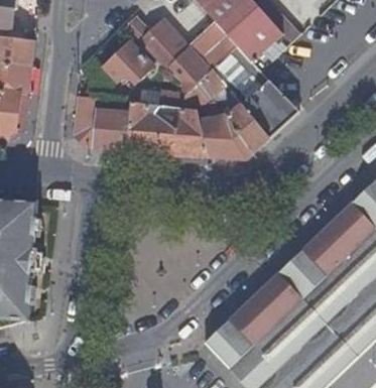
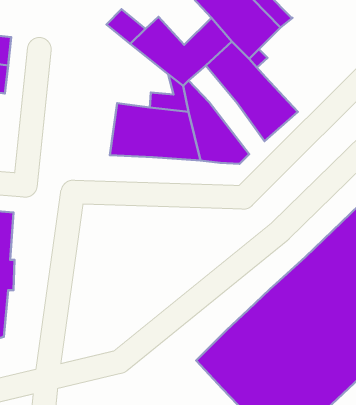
building: [104,41,151,90] -> none
building: [198,68,268,150] -> none
building: [72,96,131,151] -> none

